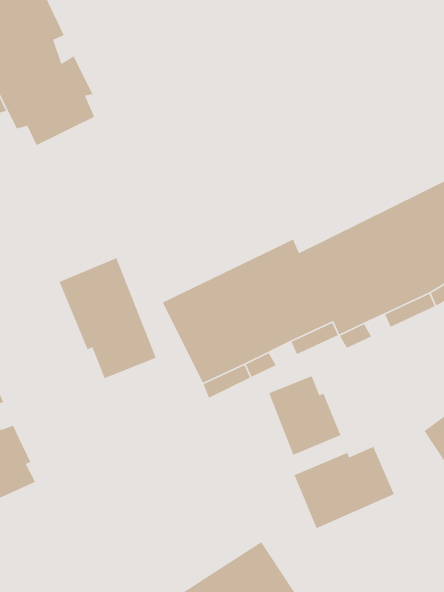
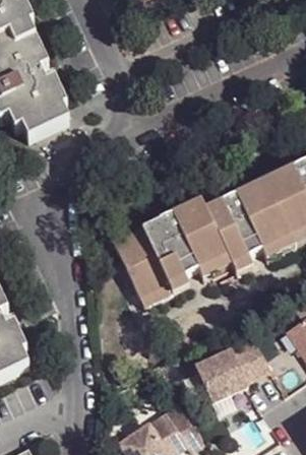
building: [58,257,157,379] -> none
building: [268,375,341,456] -> none

